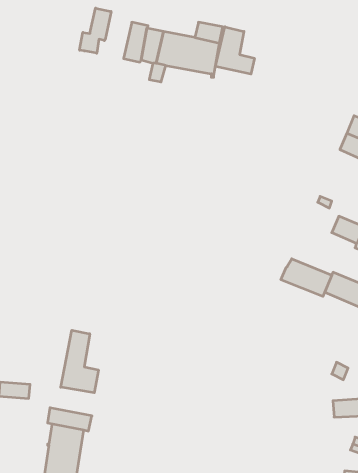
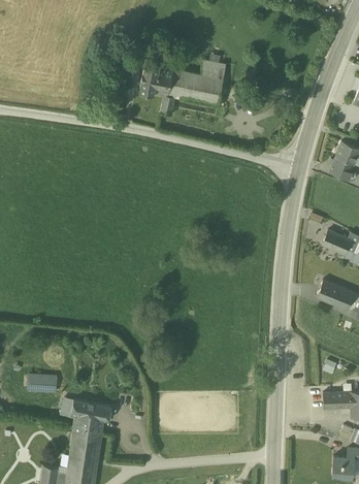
building: [80,8,111,53] -> none
building: [216,27,254,74] -> none
building: [281,259,332,296] -> none
building: [61,330,98,393] -> none

